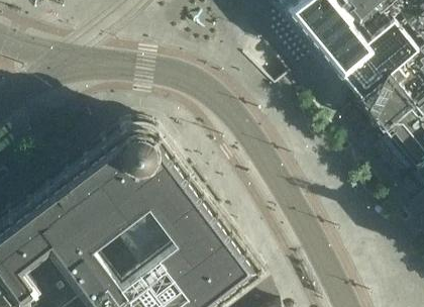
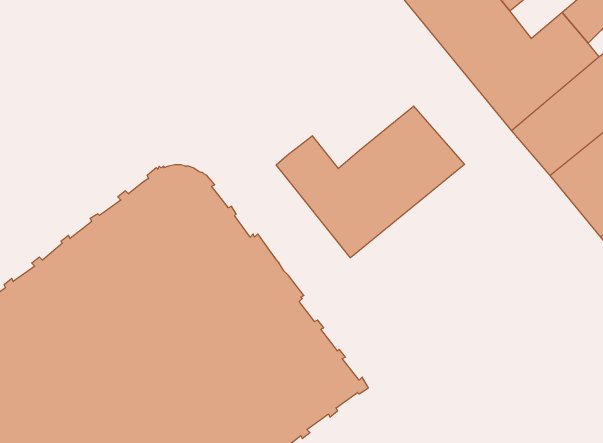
building: none -> [276,106,465,258]

